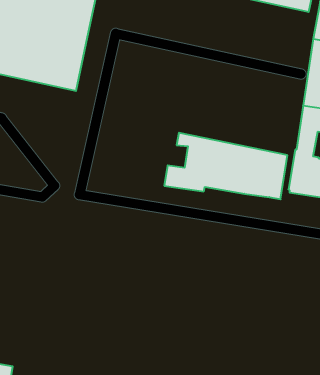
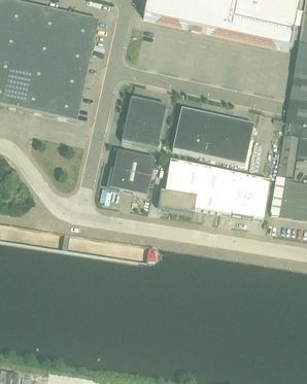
building: none -> [122,95,167,146]
building: none -> [173,106,254,164]
building: none -> [110,148,156,194]

